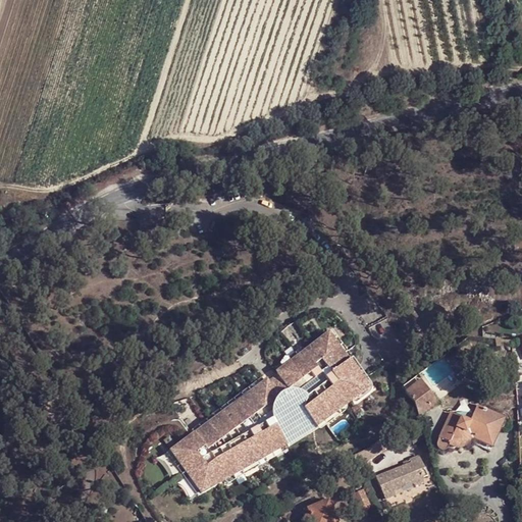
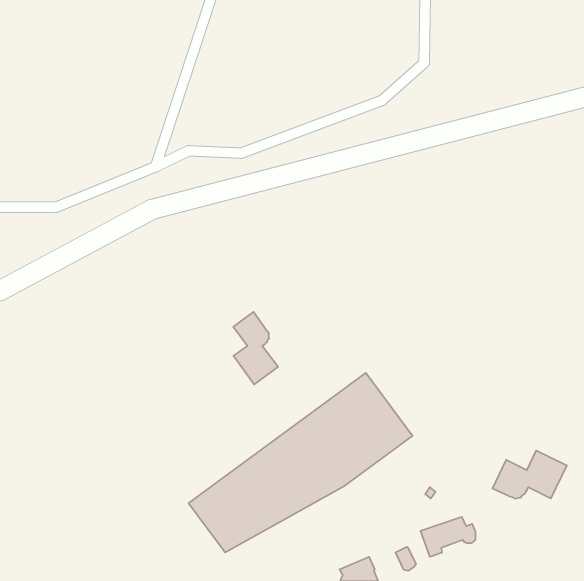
building: none -> [233,312,278,384]
building: [408,380,438,415] -> none

